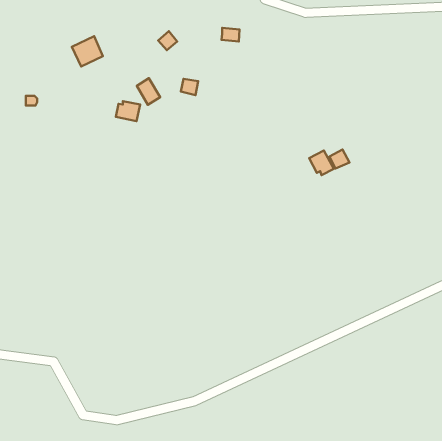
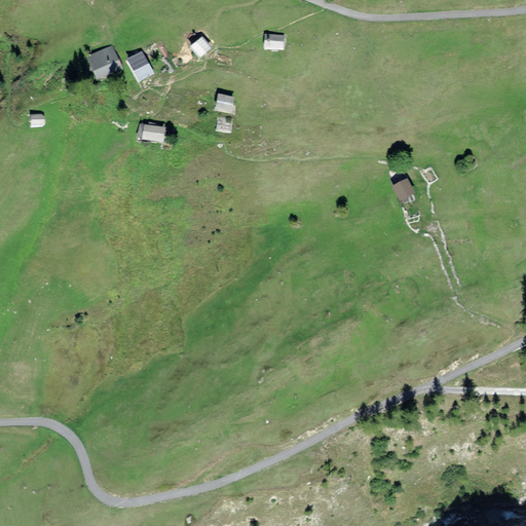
building: [137,78,160,105] -> [126,50,154,82]
building: [309,150,334,175] -> none

